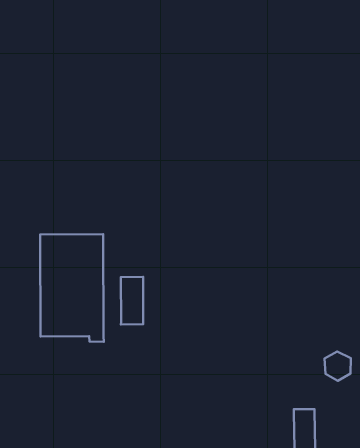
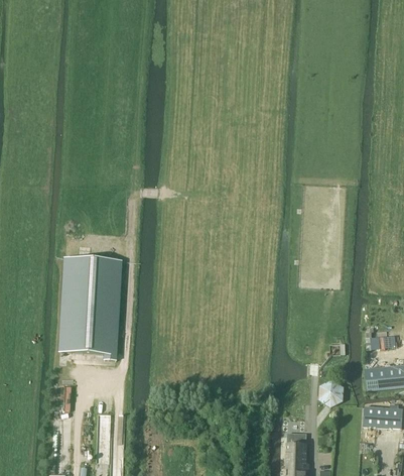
building: [121,277,143,325] -> none

